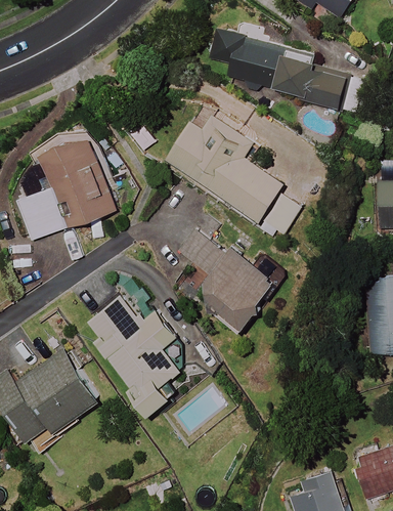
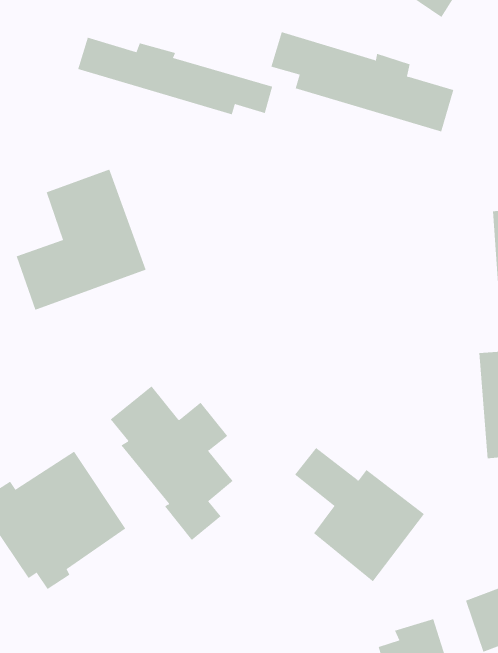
building: none -> [77,37,273,115]
building: [164,102,304,238] -> none
building: [179,230,277,332] -> [294,447,425,582]

